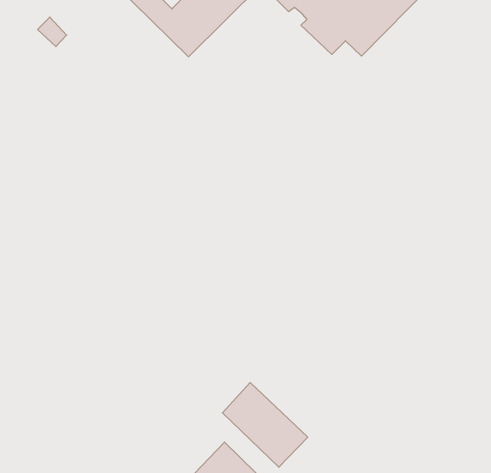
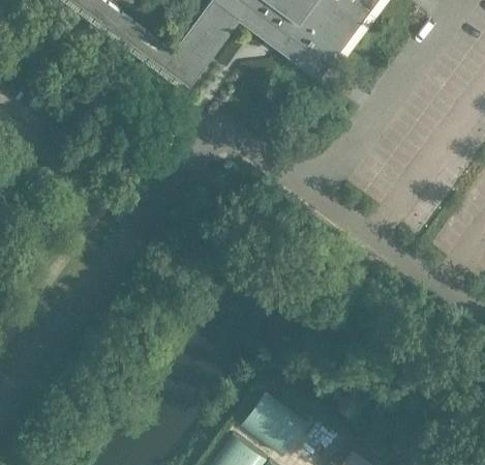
building: [222,383,308,467] -> none

